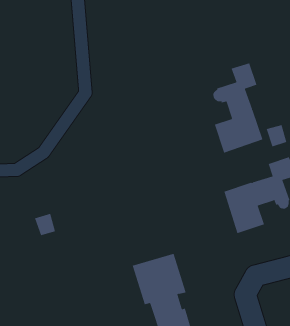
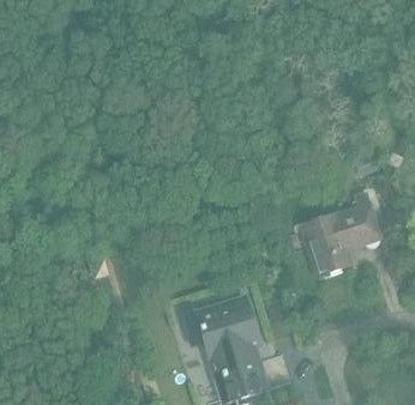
building: [213,62,263,154] -> none

